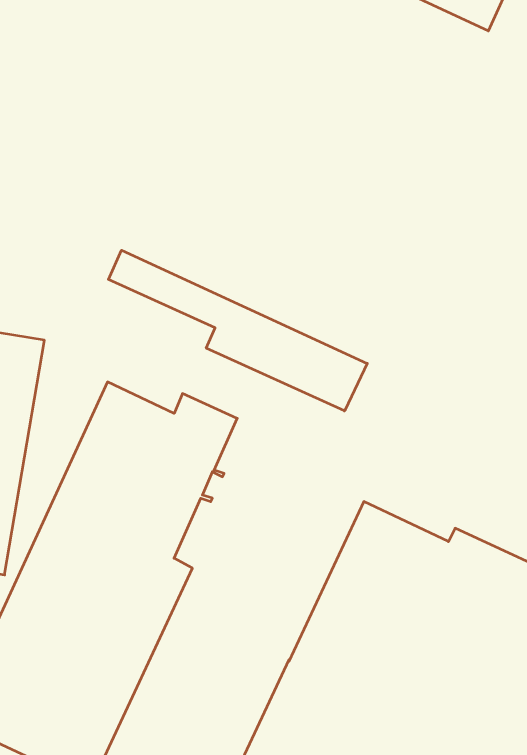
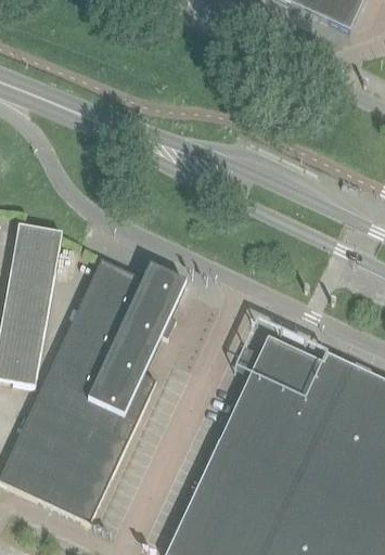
building: [108,250,367,411] -> none

